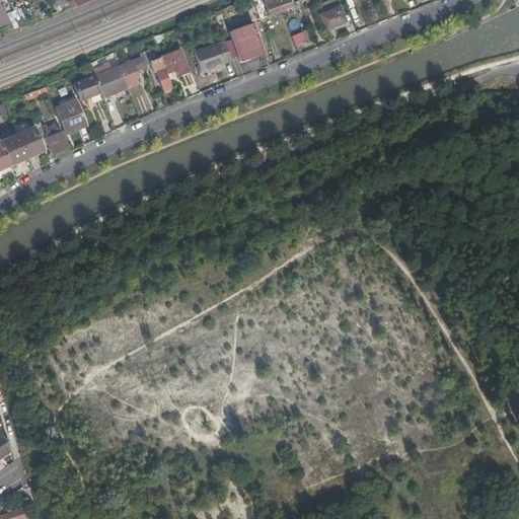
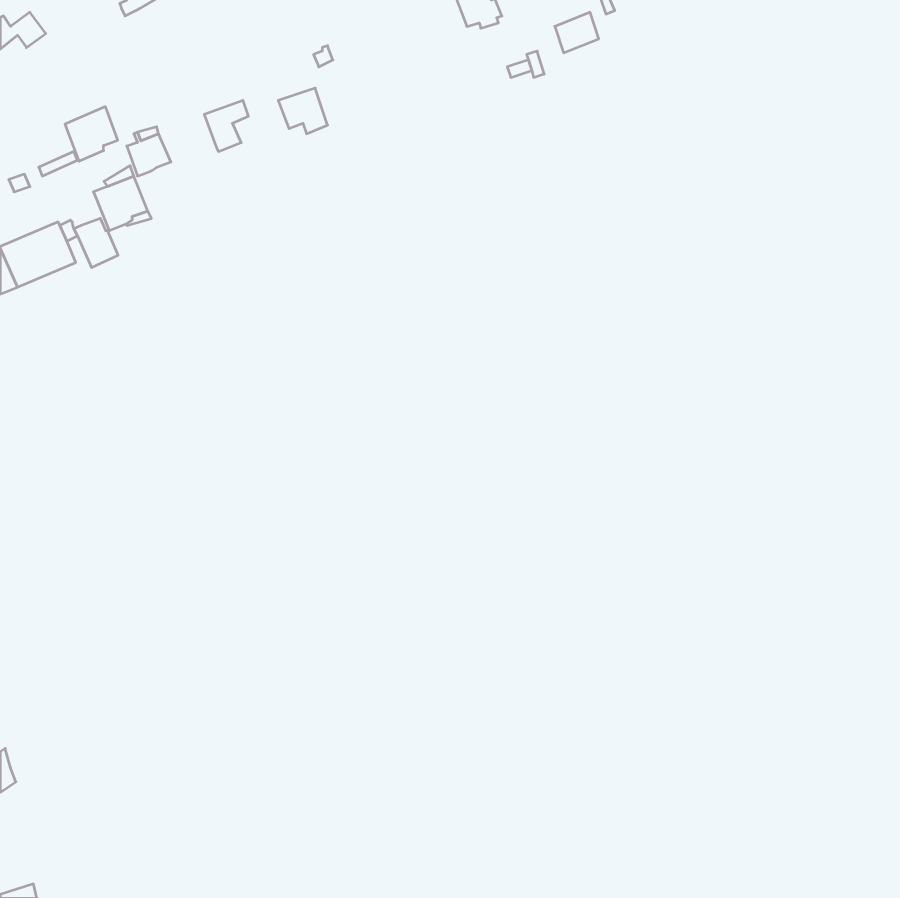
building: [230,24,263,61] -> none
building: [194,40,231,71] -> none
building: [138,51,171,91] -> none
building: [94,66,125,97] -> [65,107,118,161]

